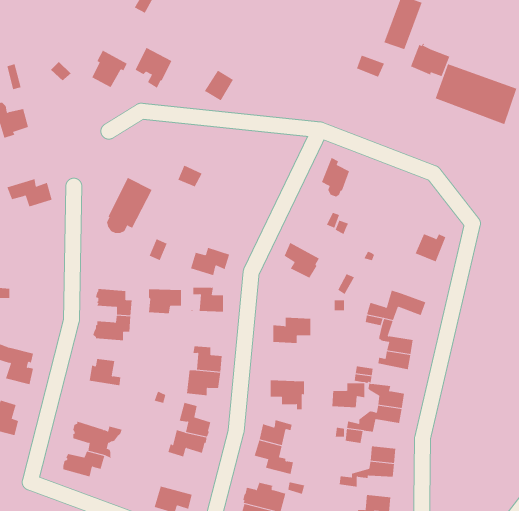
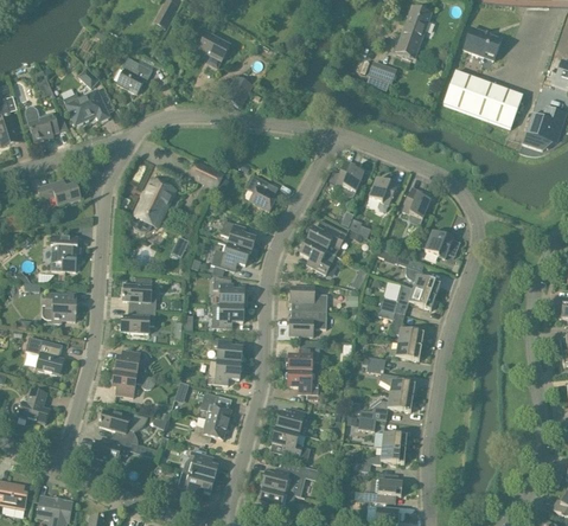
building: [410,43,450,79] -> [464,26,502,60]
building: [135,47,172,88] -> [196,31,231,70]
building: none -> [63,89,109,124]
building: none -> [245,173,276,211]
building: none -> [369,178,398,211]
building: none -> [402,186,430,224]
building: none -> [221,220,255,251]
building: none -> [306,225,346,255]
building: none -> [50,235,79,270]
building: none -> [395,255,440,296]
building: [148,289,182,314] -> [211,304,243,328]
building: none -> [291,284,327,312]
building: none -> [43,291,77,322]
building: none -> [113,371,155,397]
building: [331,383,365,408] -> [287,347,319,371]
building: none -> [183,451,217,479]

